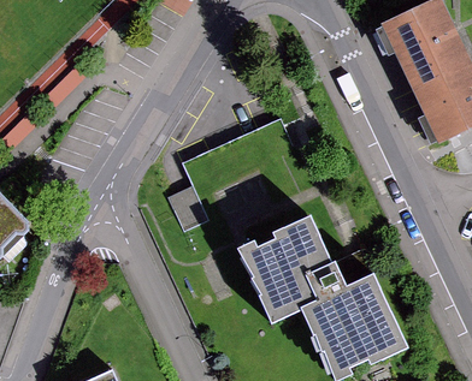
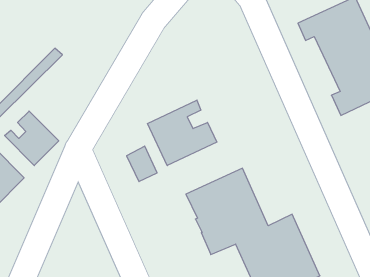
building: none -> [147,100,217,166]
building: none -> [5,111,59,166]

